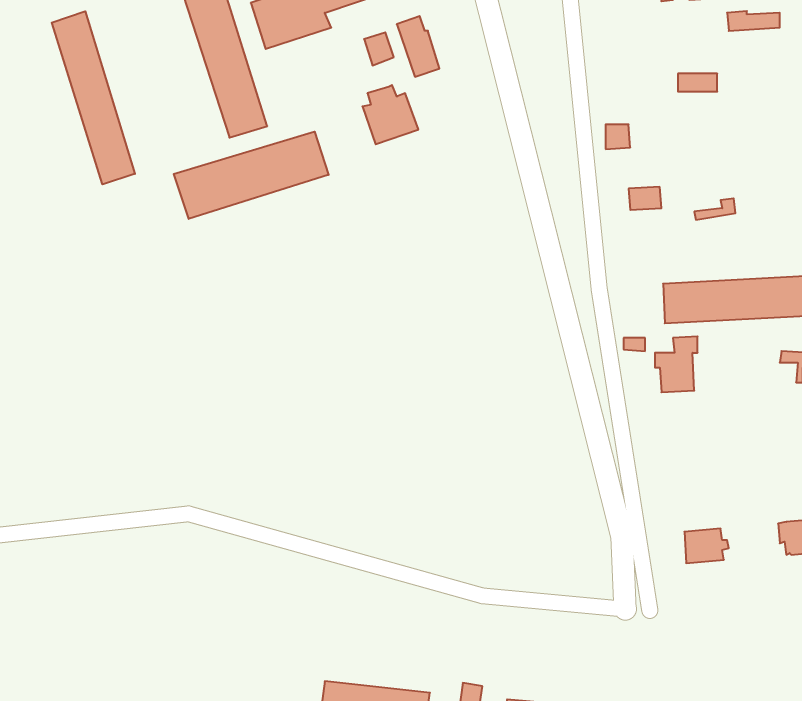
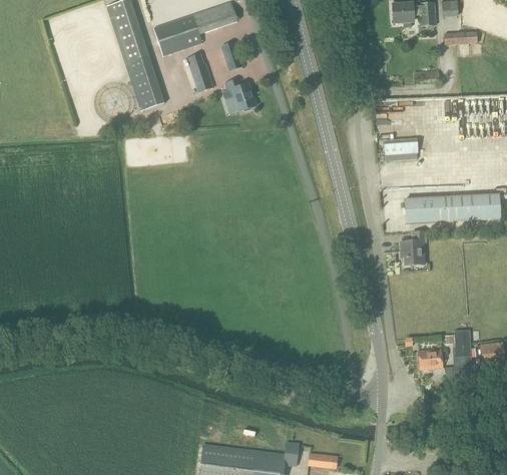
building: [52,11,135,184] -> none
building: [397,16,439,77] -> [187,53,213,90]
building: [174,132,329,219] -> none
building: none -> [445,329,473,381]

